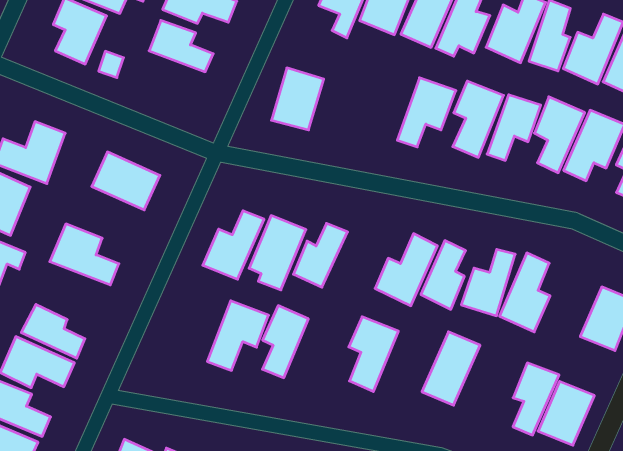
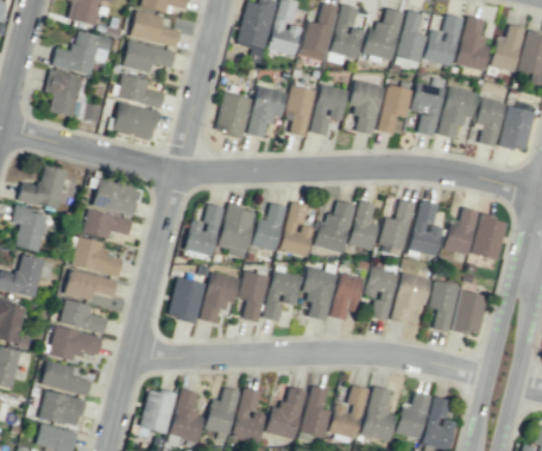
building: none -> [114,102,158,137]
building: none -> [247,86,285,137]
building: none -> [285,82,316,136]
building: none -> [82,208,132,238]
building: none -> [279,201,314,256]
building: none -> [64,268,118,300]
building: none -> [443,207,478,253]
building: none -> [166,276,206,322]
building: none -> [263,269,301,321]
building: none -> [329,271,364,320]
building: none -> [392,273,429,322]

